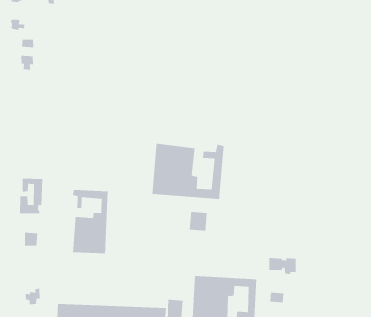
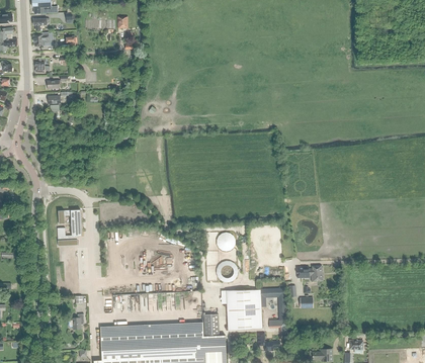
building: [152,143,224,200] -> none
building: [72,189,108,254] -> none

